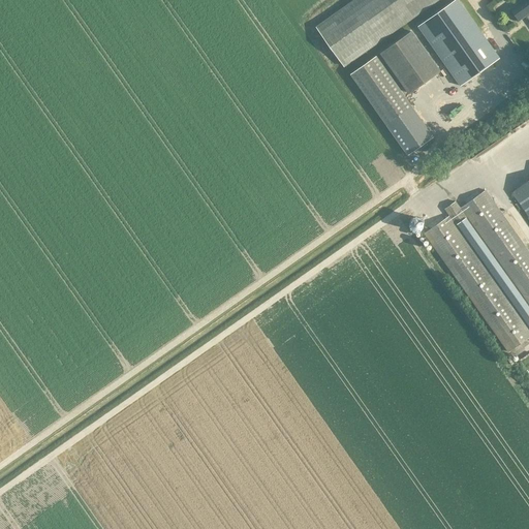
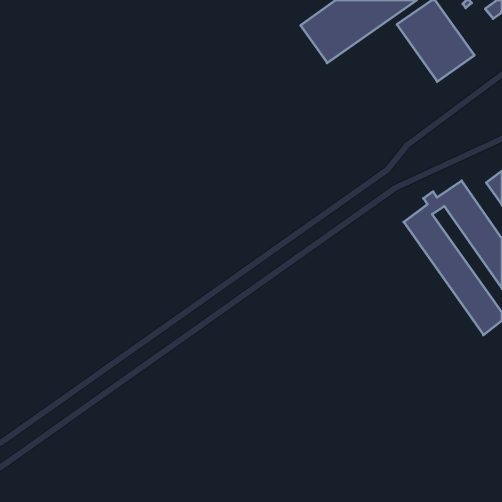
building: [380,32,439,93] -> none
building: [350,56,433,155] -> none

